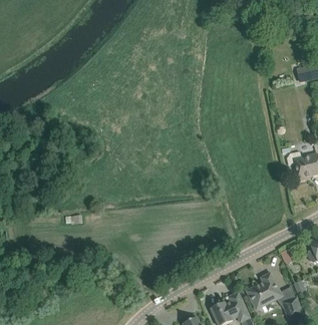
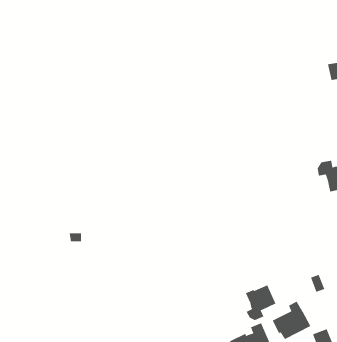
building: none -> [245,284,276,321]

